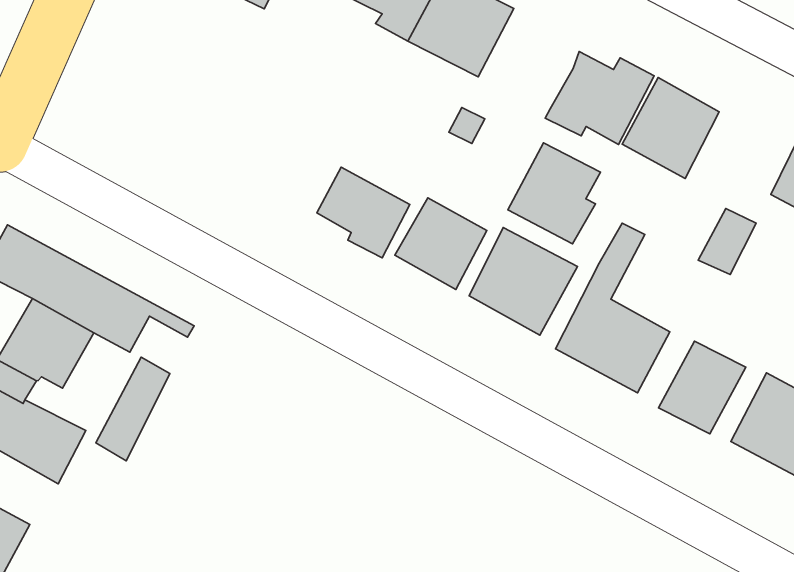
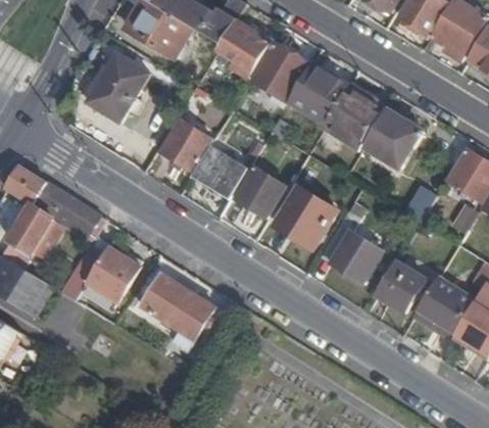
building: none -> [86,53,148,122]
building: none -> [159,120,212,172]
building: [508,143,601,244] -> [292,65,345,123]
building: none -> [88,249,139,302]
building: none -> [141,274,213,352]

